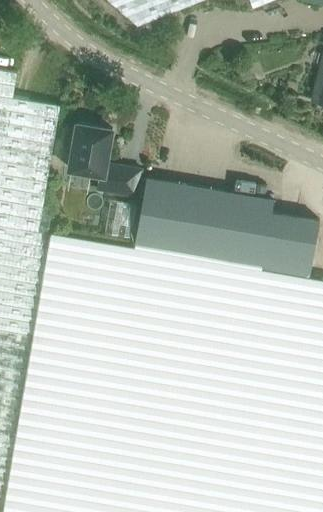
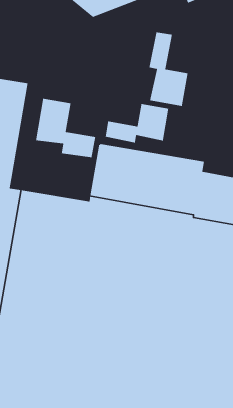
building: none -> [148,32,189,107]
building: none -> [105,103,169,144]

